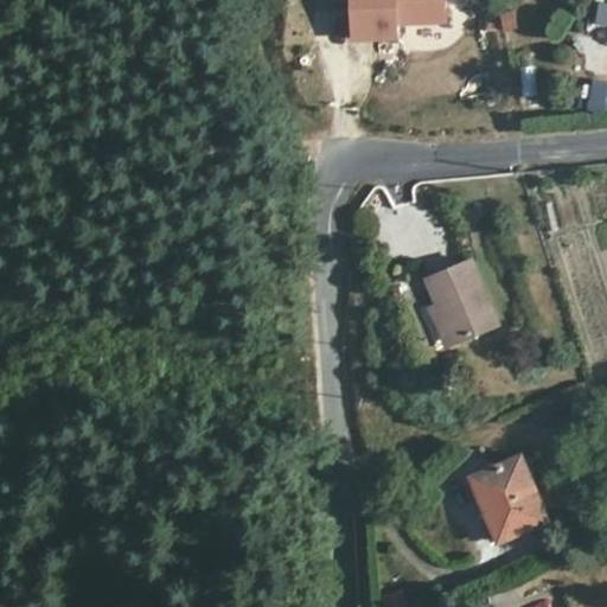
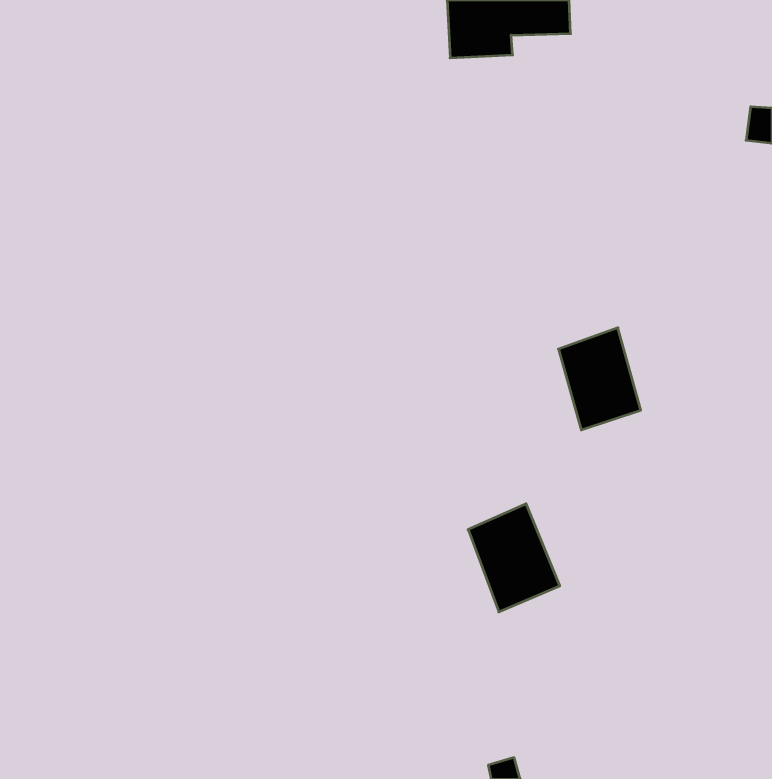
building: [467,454,538,538] -> [468,504,560,612]

